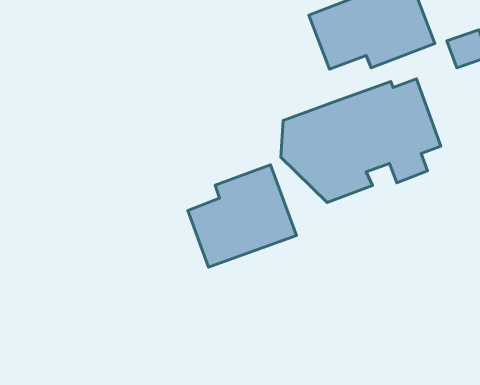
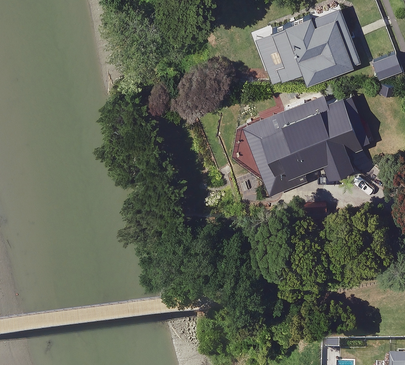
building: [188,165,296,267] -> none

